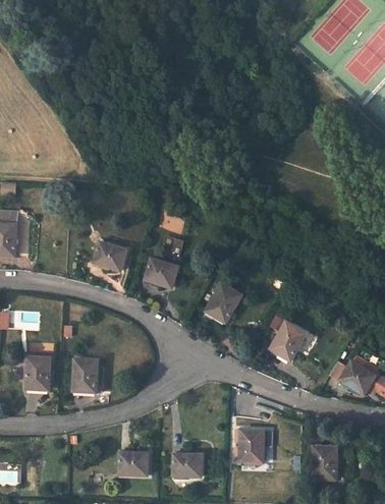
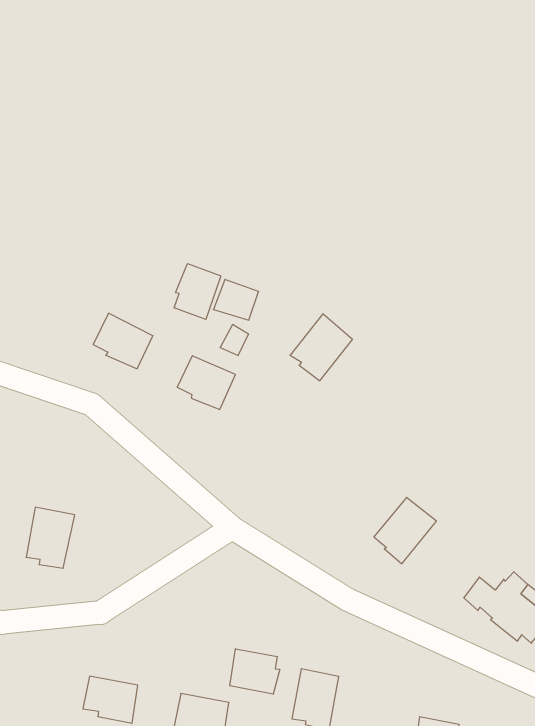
building: none -> [174,264,221,319]
building: [207,283,241,322] -> [290,314,352,381]
building: none -> [230,649,280,694]

